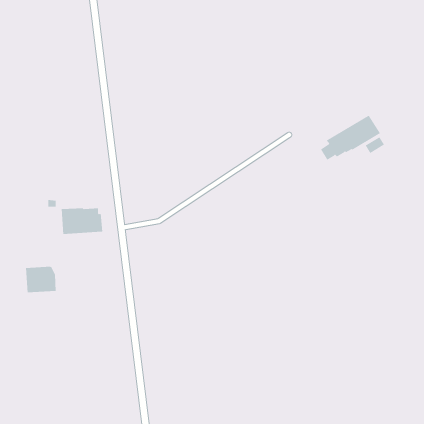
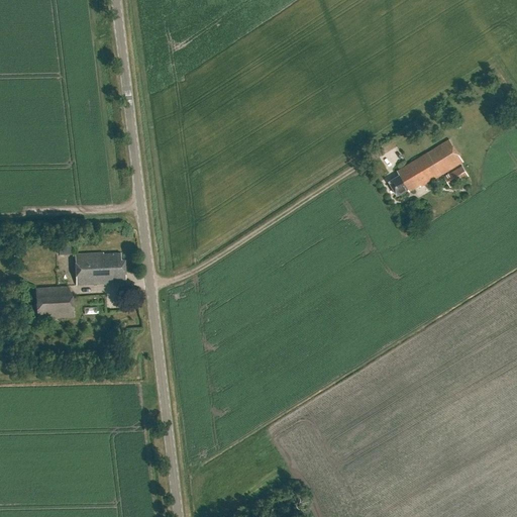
building: [25,266,57,293] -> [34,286,73,318]

